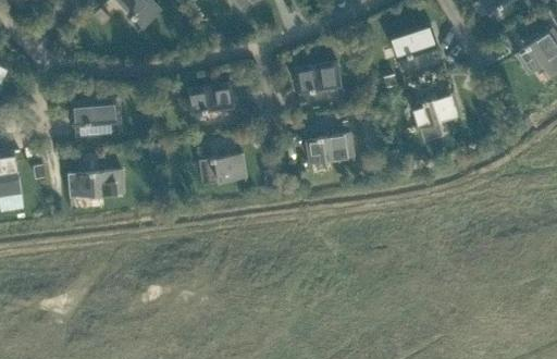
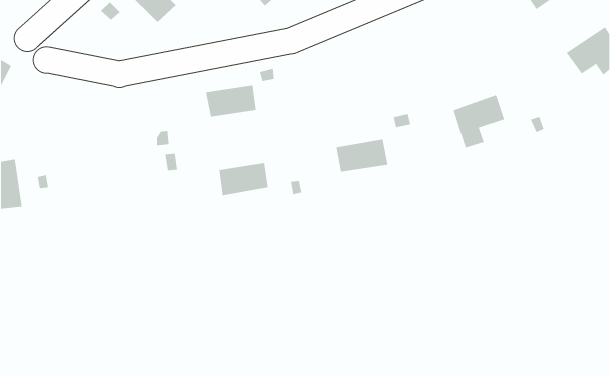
building: [389,25,438,61] -> none
building: [295,63,342,94] -> none
building: [72,98,117,125] -> none
building: [67,170,123,198] -> none

